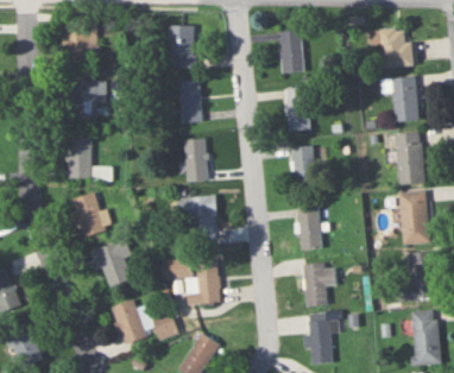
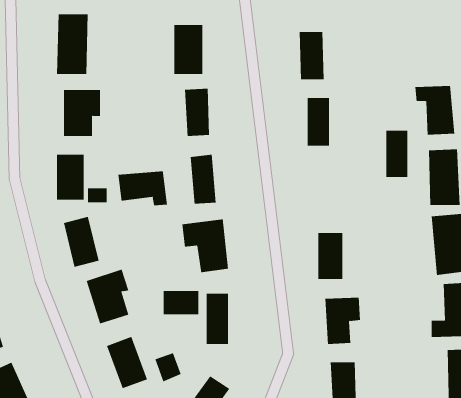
building: [370,27,415,68] -> none
building: [294,146,314,188] -> [385,130,408,178]
building: none -> [118,171,168,206]

